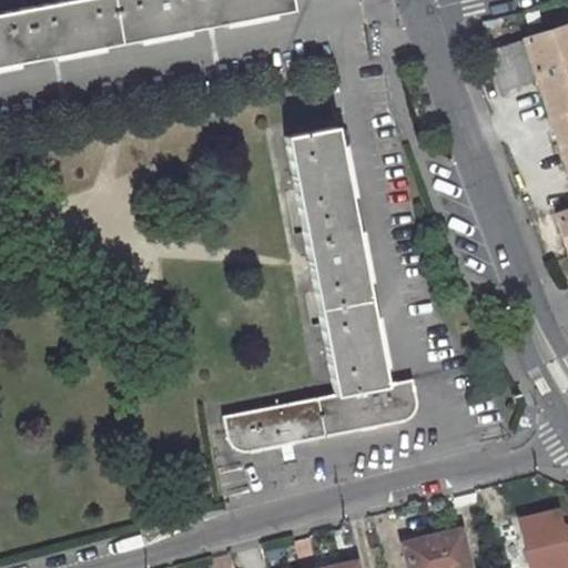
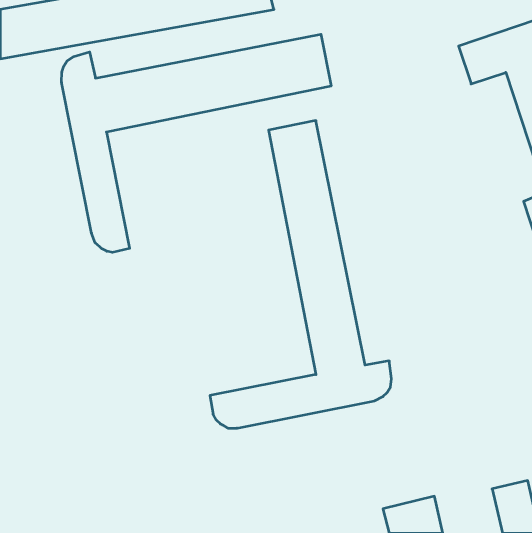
building: none -> [62,34,331,252]

